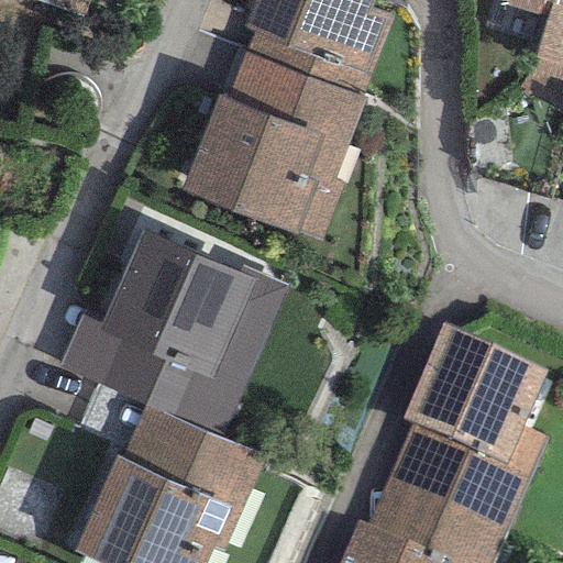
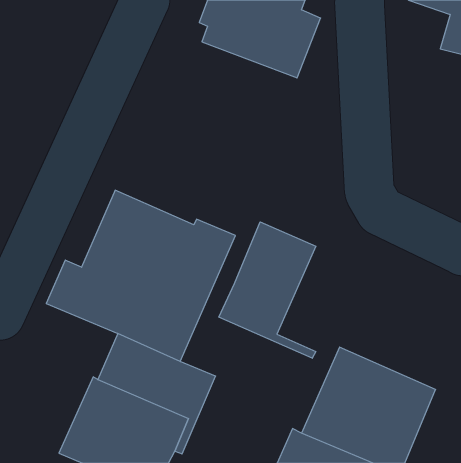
building: [180,51,367,244] -> none
building: none -> [219,222,316,358]
building: [402,325,548,473] -> none

